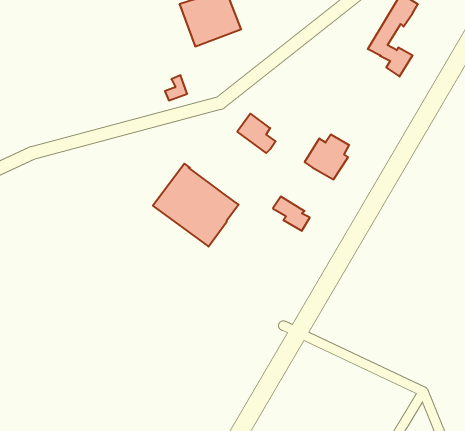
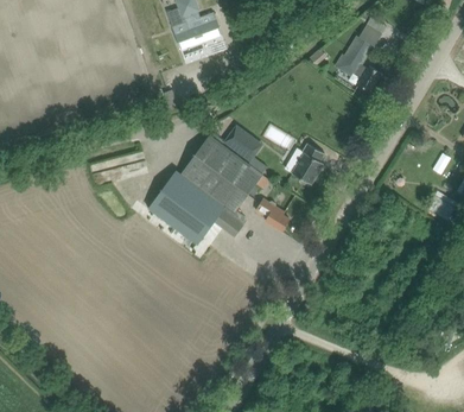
building: none -> [179,135,262,236]

